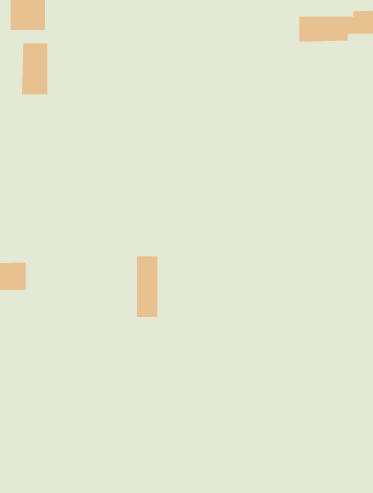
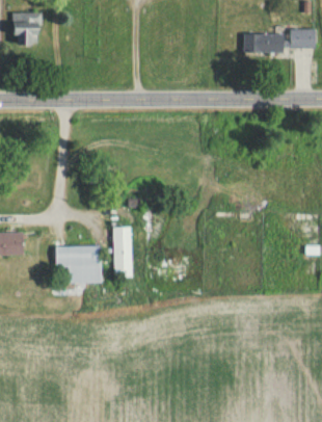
building: [22,42,48,95] -> none
building: none -> [55,245,101,283]

